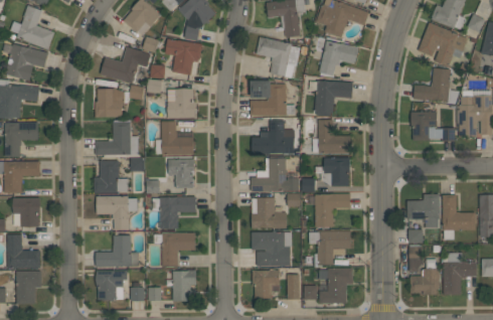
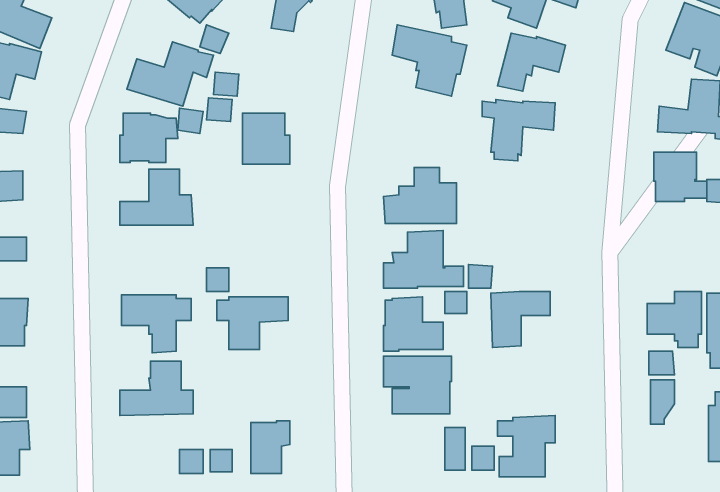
building: [165,39,202,75] -> none
building: [251,81,295,116] -> none
building: [318,120,351,154] -> none
building: [156,122,194,155] -> none
building: [316,158,350,186] -> none
building: [169,159,195,188] -> none
building: [95,161,129,194] -> none
building: [309,230,351,266] -> none
building: [154,233,195,268] -> none
building: [410,260,439,295] -> none
building: [97,271,128,301] -> none
building: [253,271,280,299] -> none

